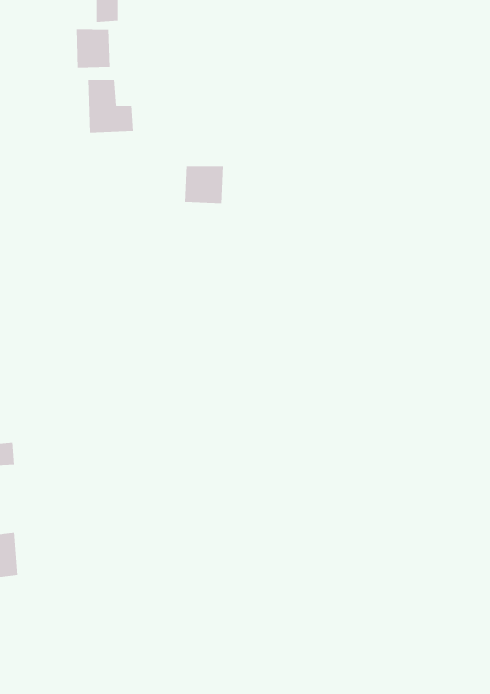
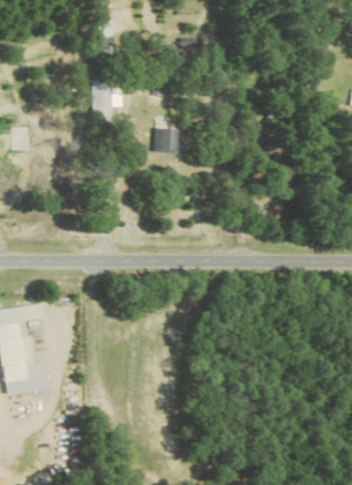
building: [76,28,110,69] -> none

